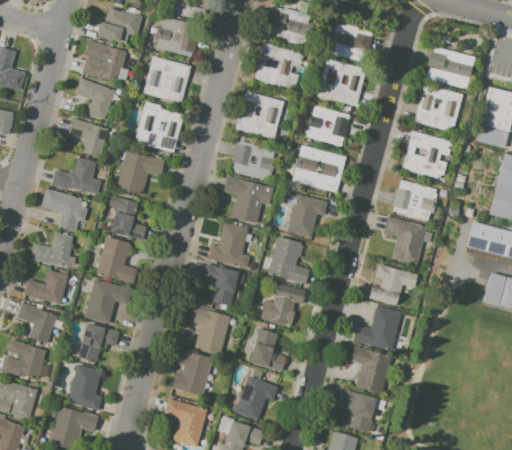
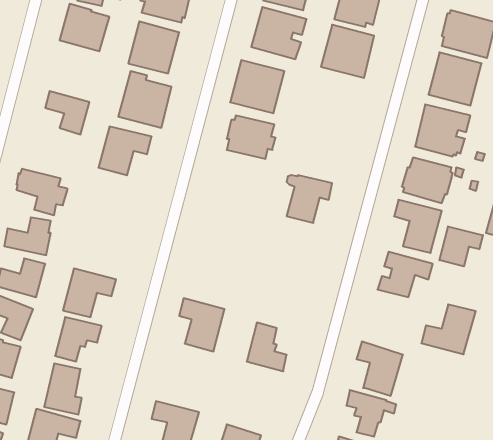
building: [74,78,115,120] -> none
building: [304,106,349,146] -> none
building: [291,145,346,192] -> none
building: [51,157,101,195] -> none
building: [223,176,273,223] -> none
building: [108,195,146,241] -> none
building: [207,222,250,268] -> none
building: [96,236,137,284] -> none
building: [267,236,310,285] -> none
building: none -> [439,226,483,266]
building: [202,263,239,306] -> none
building: [260,283,306,325] -> none
building: [352,306,401,351] -> [421,304,476,354]
building: [171,350,212,396] -> none
building: [231,375,279,421] -> none

